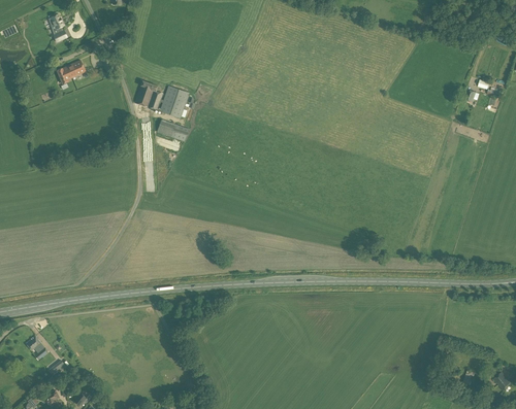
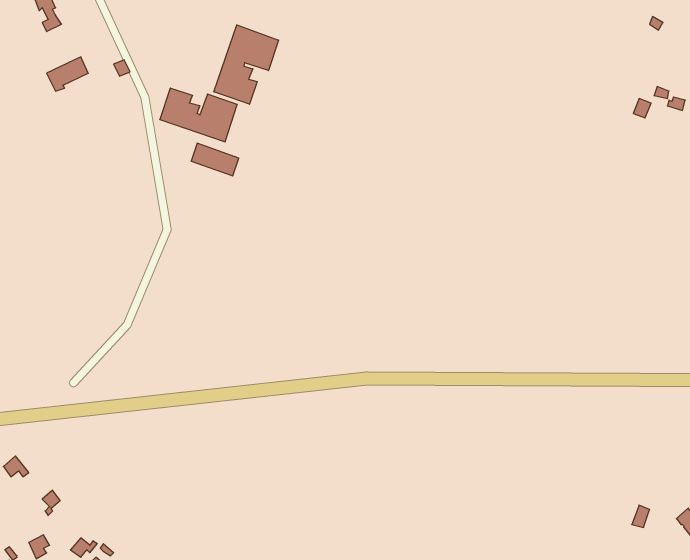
building: none -> [214,25,279,104]

